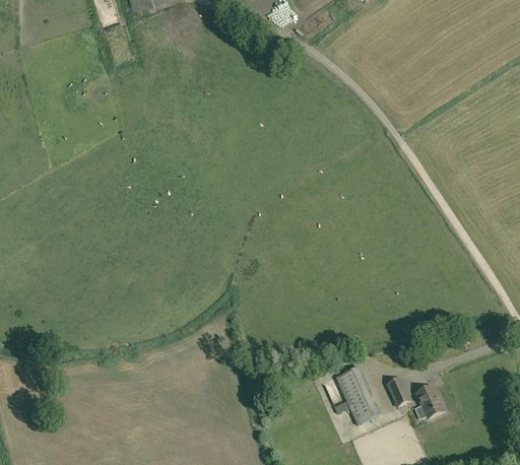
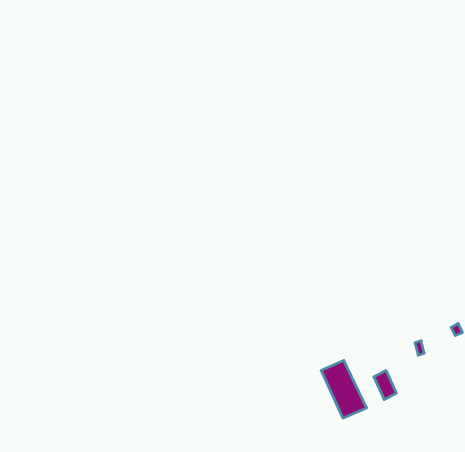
building: [416,386,444,417] -> none

